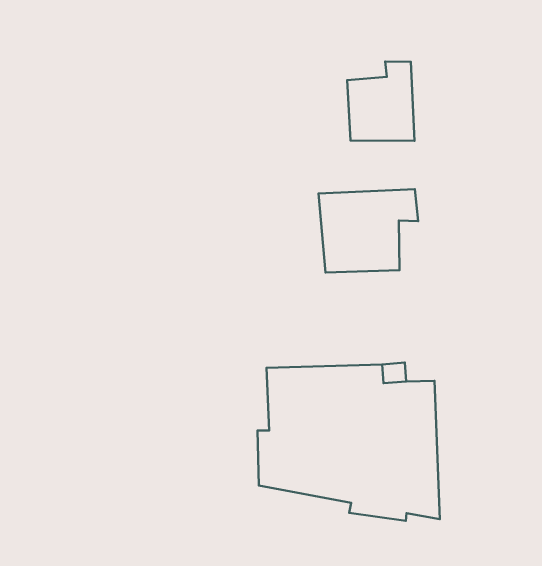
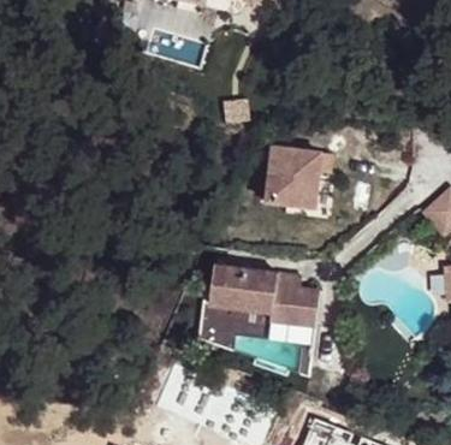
building: [347,61,414,141] -> none

